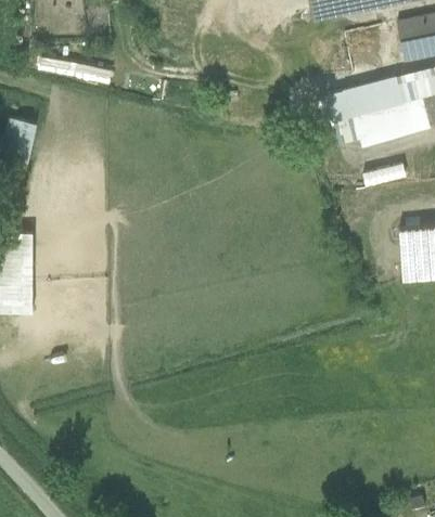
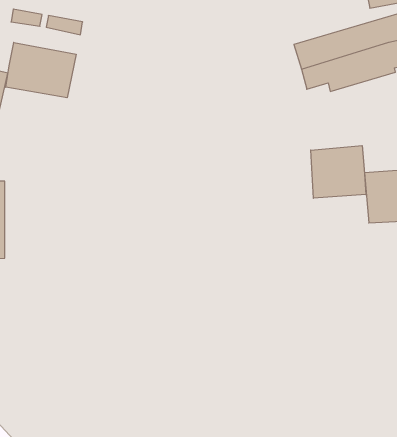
building: none -> [6,42,76,98]
building: none -> [311,146,366,198]

